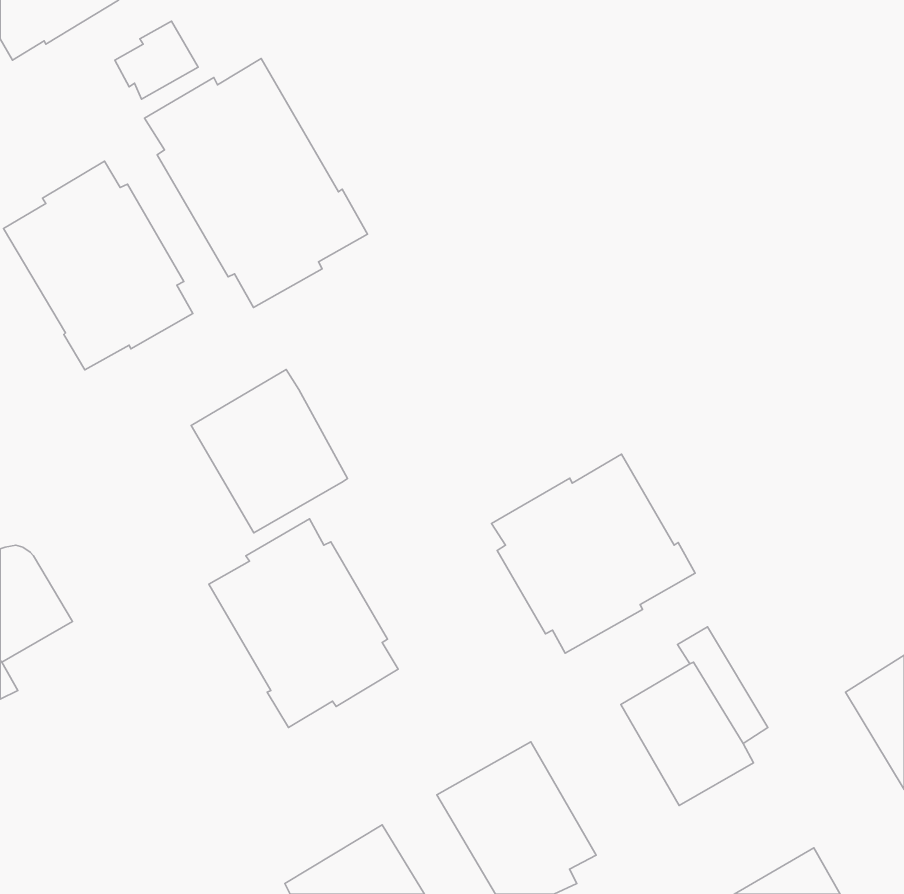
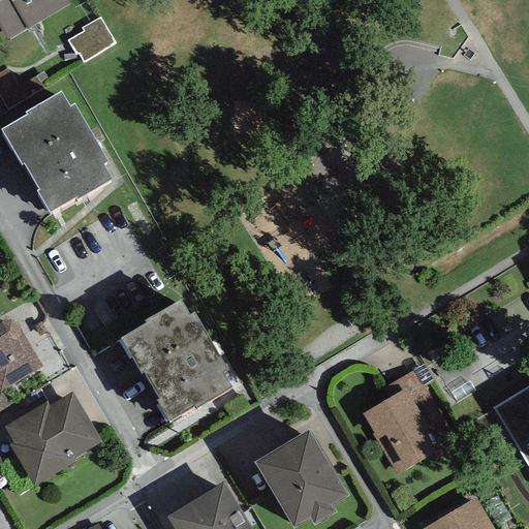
building: [144,59,368,307] -> none
building: [191,369,347,533] -> none
building: [491,454,695,653] -> none
building: none -> [4,390,101,484]

